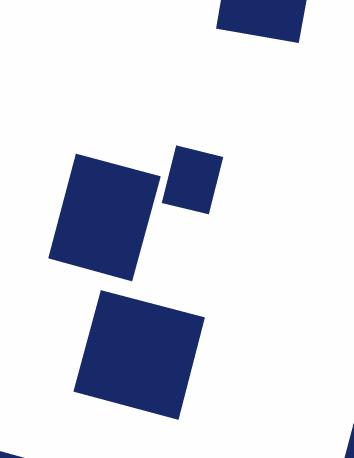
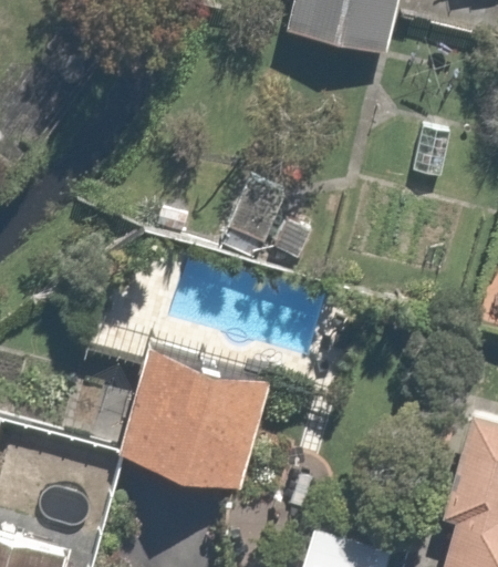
building: [48,153,162,282] -> none

